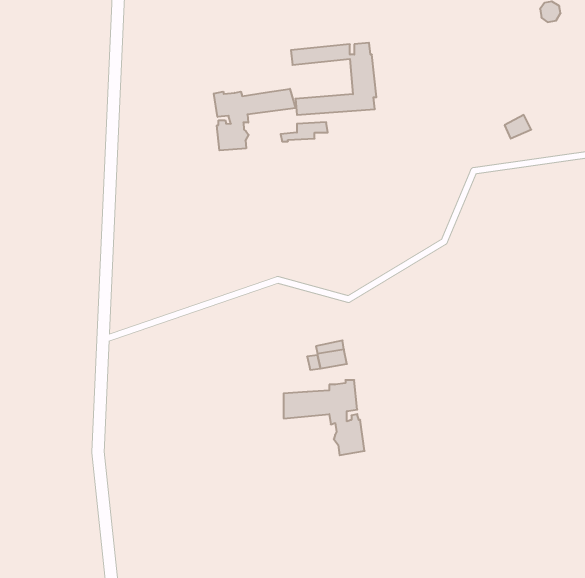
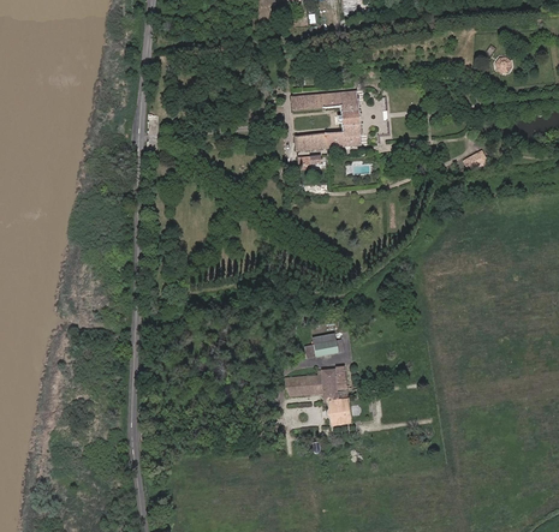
building: [214,89,296,150] -> none

